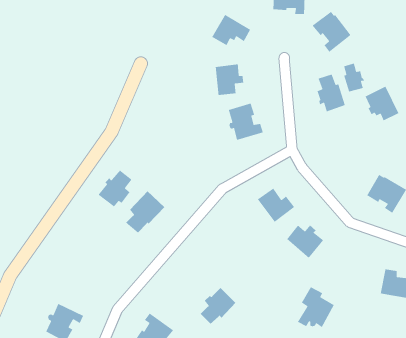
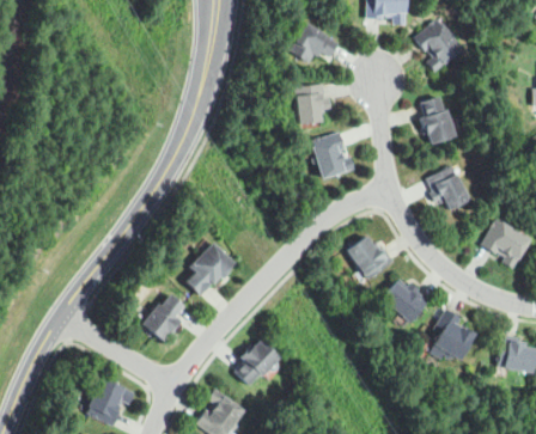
building: [343,63,365,93] -> none
building: [364,85,400,121] -> [427,166,470,210]
building: [97,170,133,208] -> [142,294,185,341]
building: [297,286,335,328] -> [430,310,476,361]
building: [200,287,236,324] -> [236,340,280,385]

